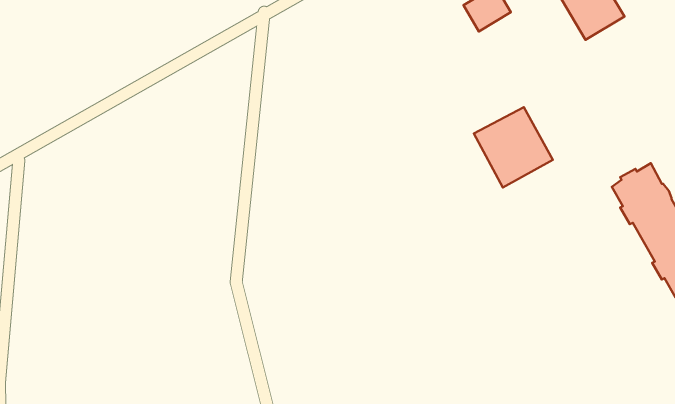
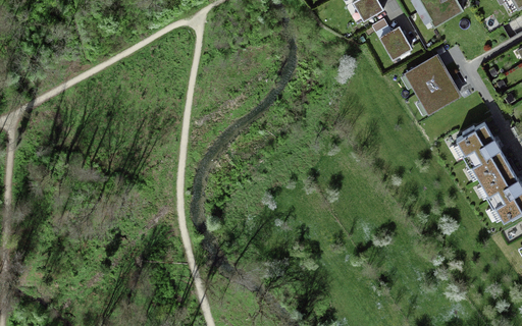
building: none -> [380,26,411,56]
building: [474,107,553,188] -> [398,56,456,115]

